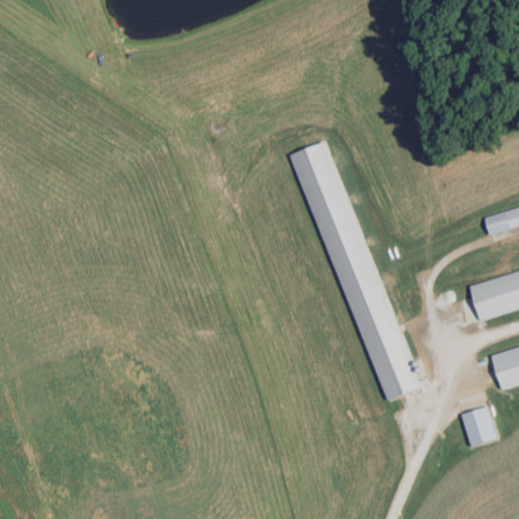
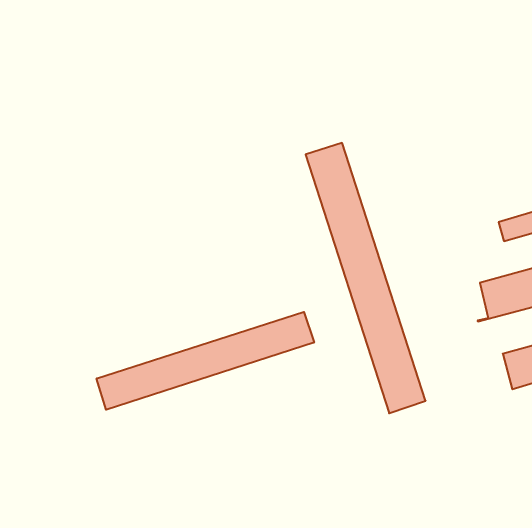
building: none -> [97,312,314,410]
building: [462,411,498,450] -> none

